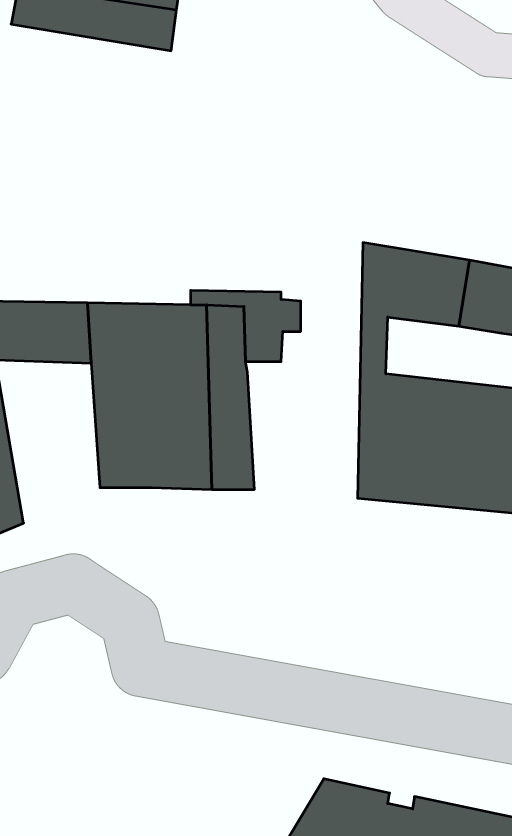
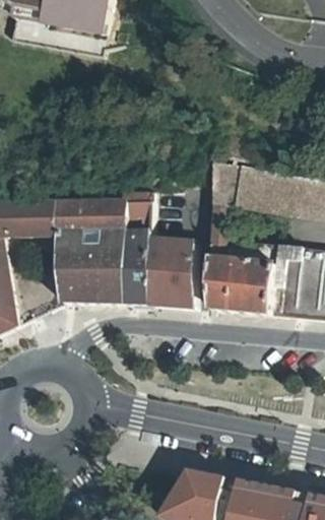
building: none -> [146,238,195,309]

